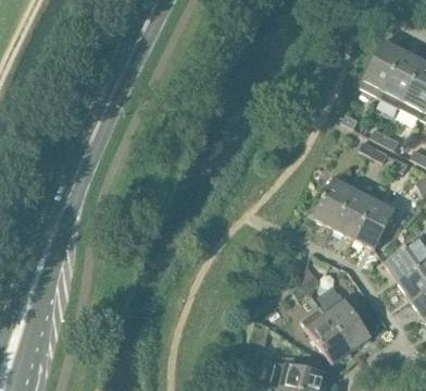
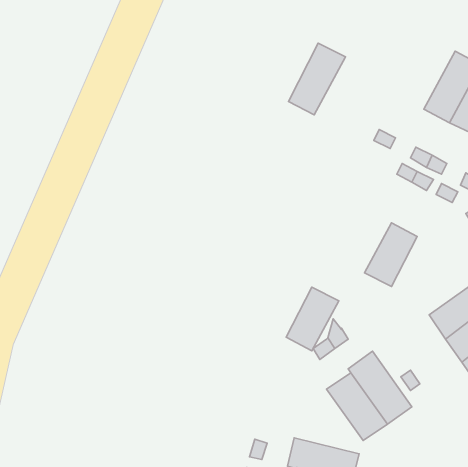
building: [360,38,405,96] -> [289,43,345,115]
building: [312,176,354,228] -> [286,287,339,351]
building: [354,198,394,248] -> none

